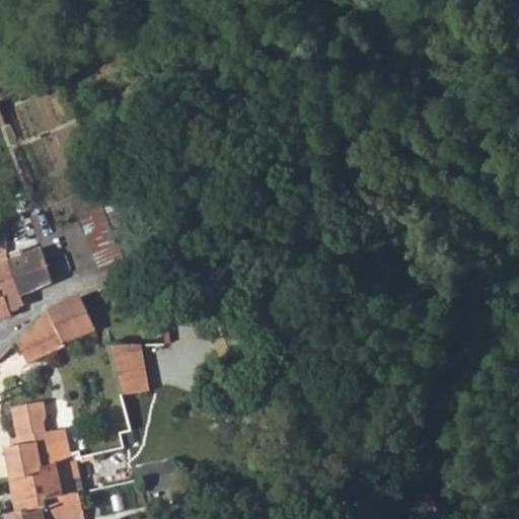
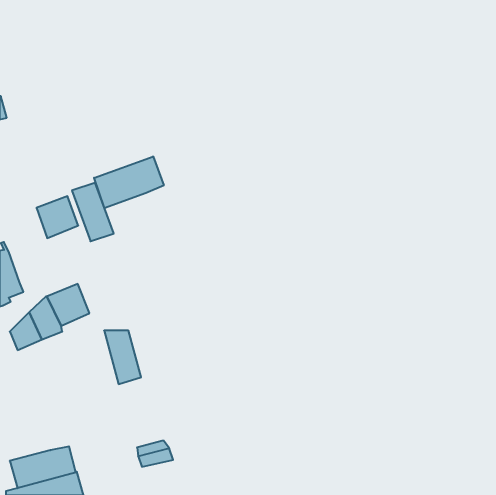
building: none -> [94,156,164,208]
building: [9,250,53,294] -> [36,196,78,238]
building: [5,401,69,480] -> none

